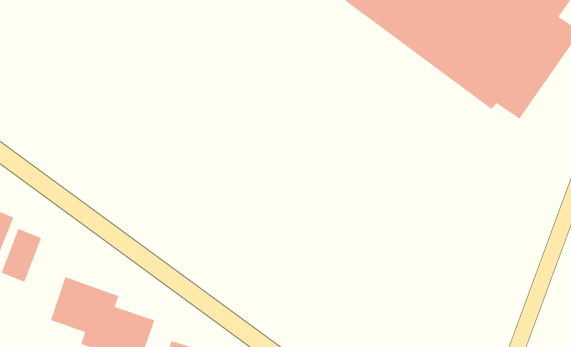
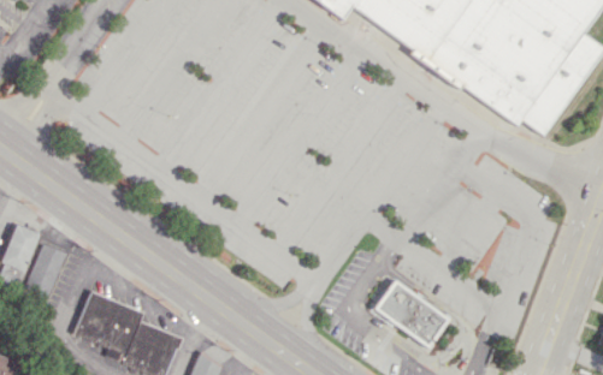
building: none -> [371,275,451,350]

